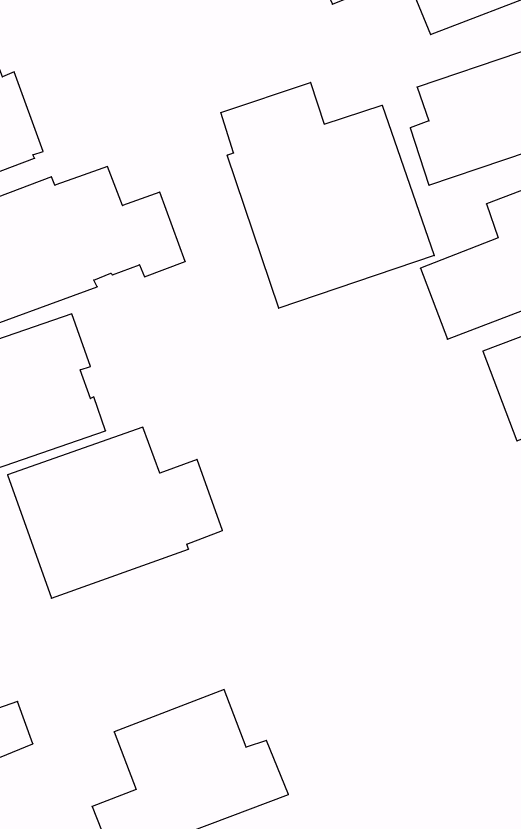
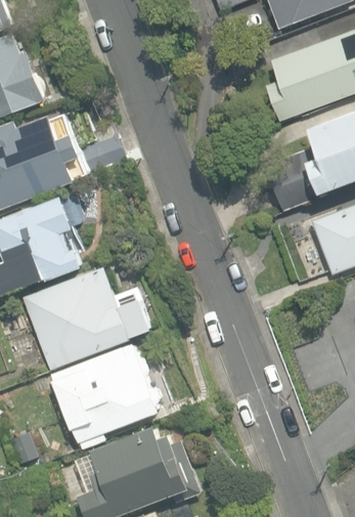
building: [221,82,434,308] -> none
building: none -> [52,342,162,449]

